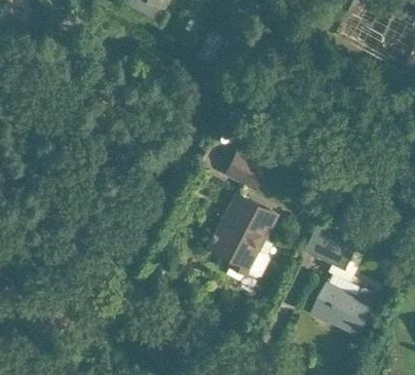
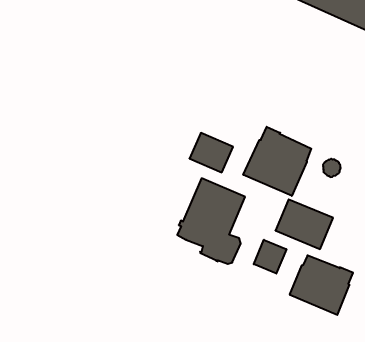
building: none -> [243,127,311,196]
building: none -> [254,240,286,274]

